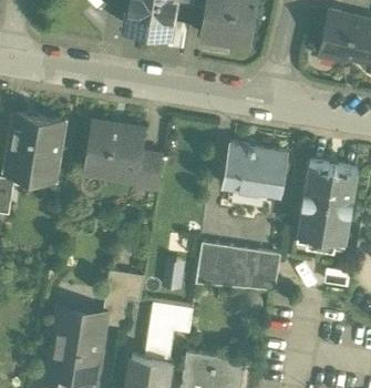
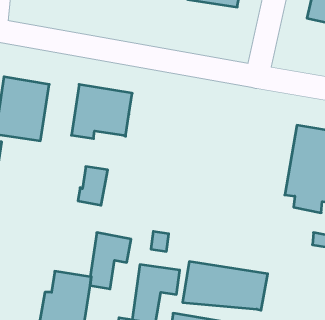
building: [223,144,286,197] -> none
building: [133,152,163,191] -> [78,167,108,205]
building: [195,243,280,292] -> [183,262,268,310]

